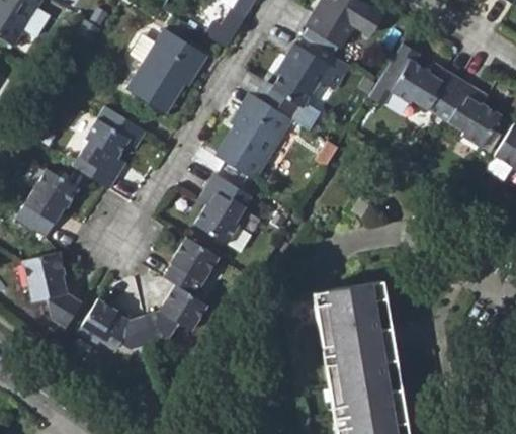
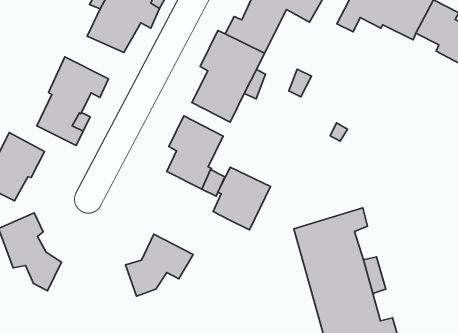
building: [161,234,219,296] -> [213,167,270,230]
building: [77,300,153,356] -> none

